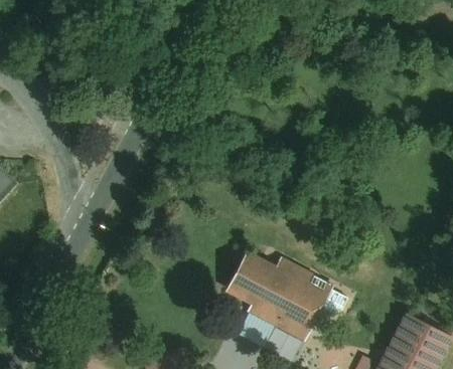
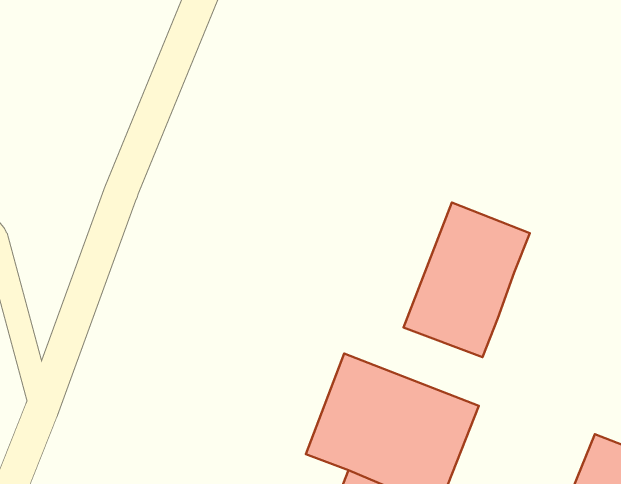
building: none -> [403,203,530,357]

